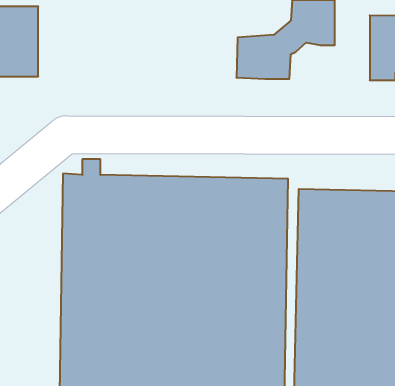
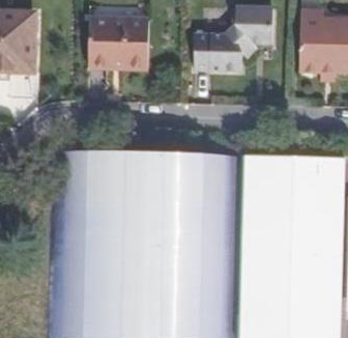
building: none -> [91,16,147,66]

